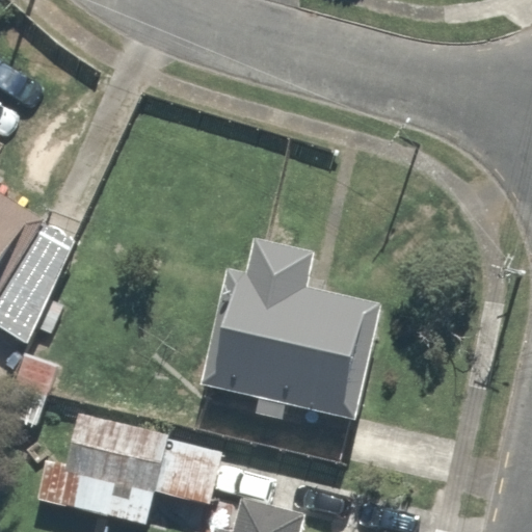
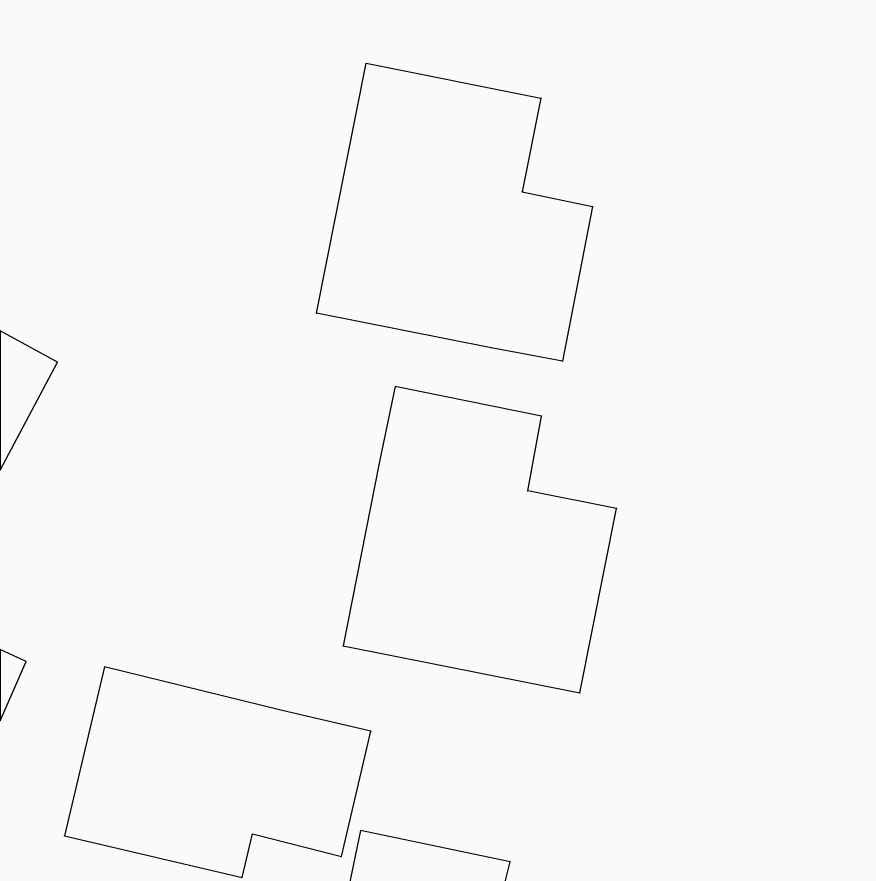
building: none -> [317,63,593,361]

